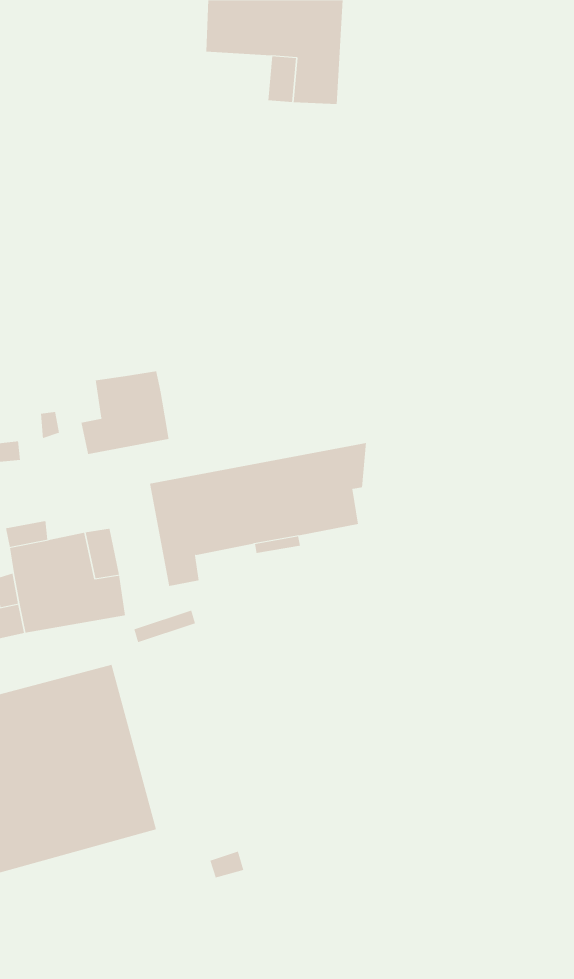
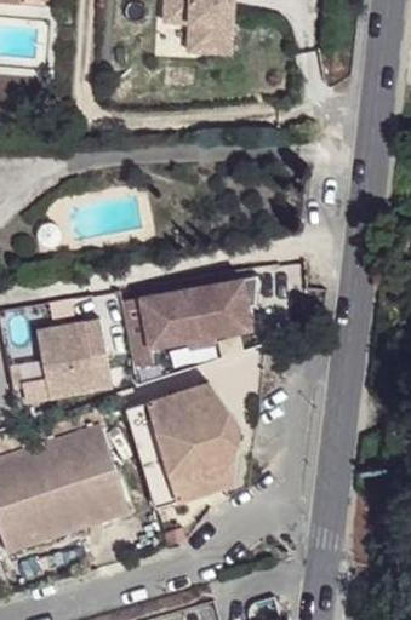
building: [81,370,169,455] -> none
building: none -> [120,380,236,506]

